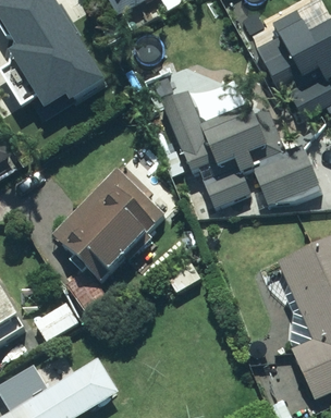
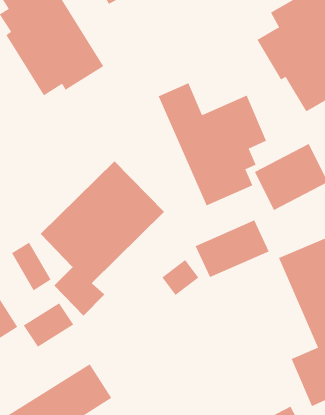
building: none -> [195,220,269,278]

